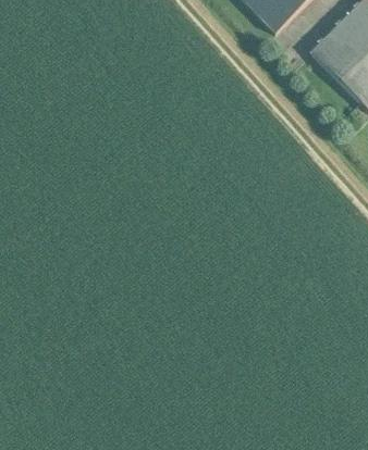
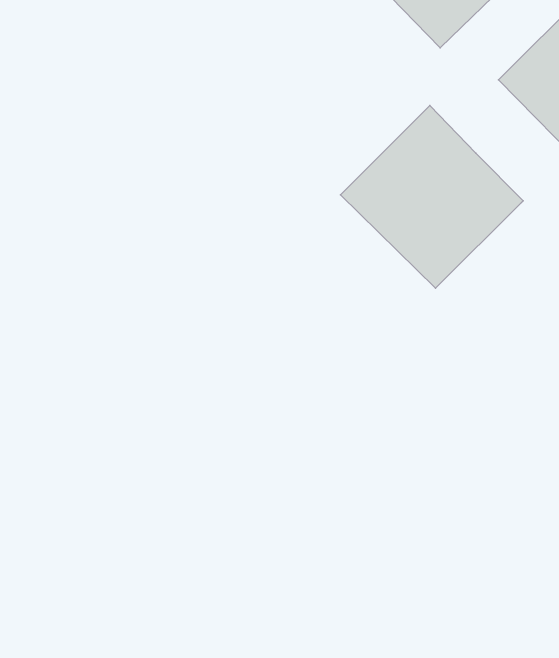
building: none -> [340,106,523,288]

